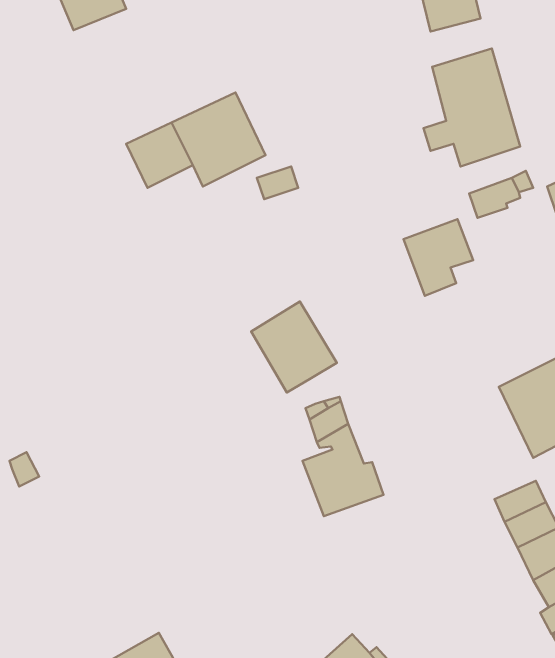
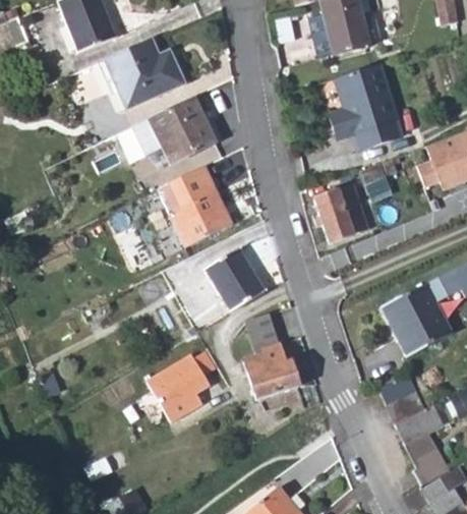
building: none -> [105,42,186,114]
building: none -> [158,166,233,247]
building: none -> [147,353,210,421]

